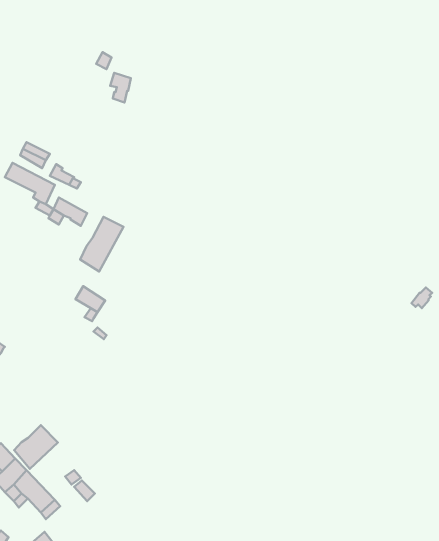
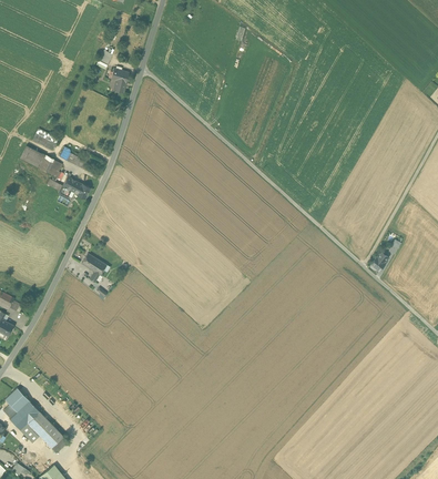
building: [80,217,123,272] -> none
building: [14,425,58,469] -> none

